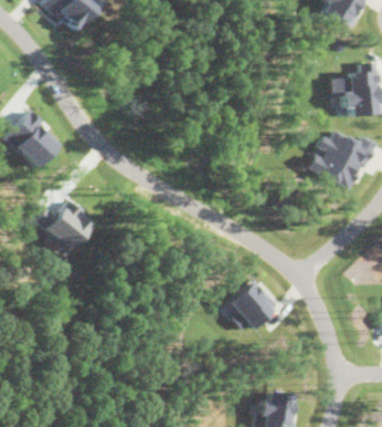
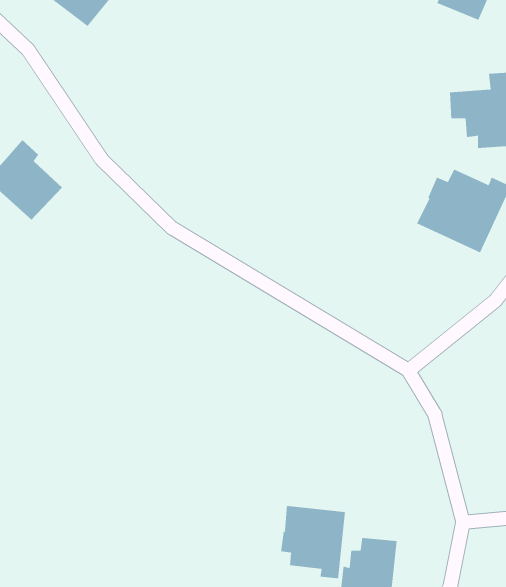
building: [36,201,93,257] -> none
building: [224,280,278,334] -> none
building: none -> [281,505,346,579]

